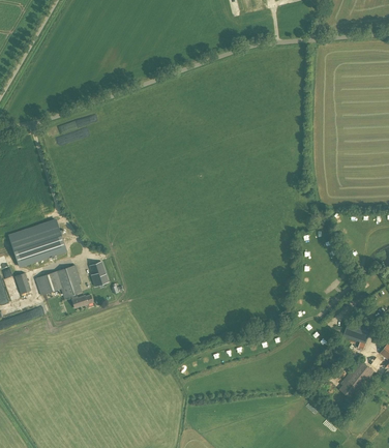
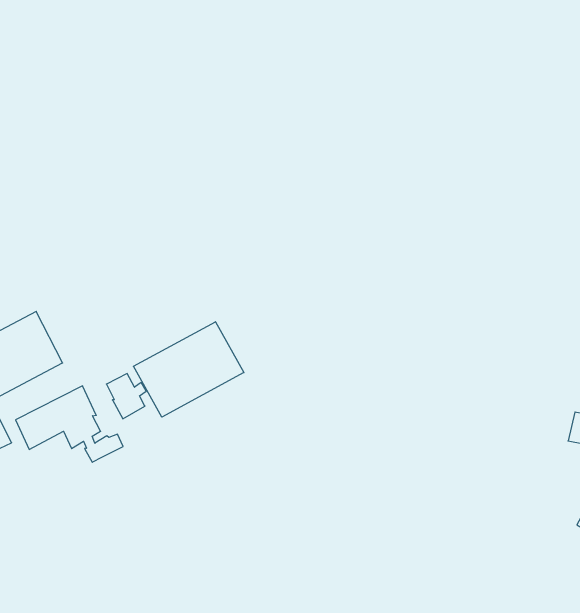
building: none -> [133,322,244,417]

